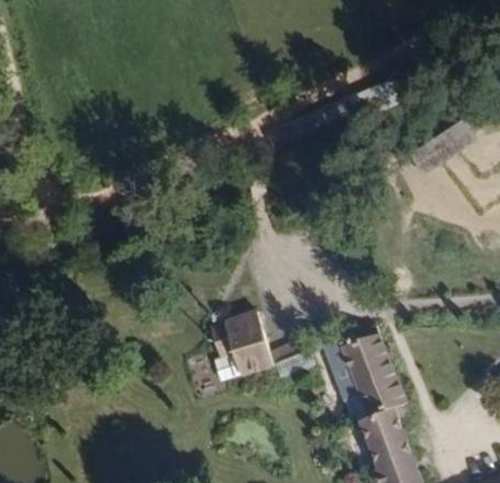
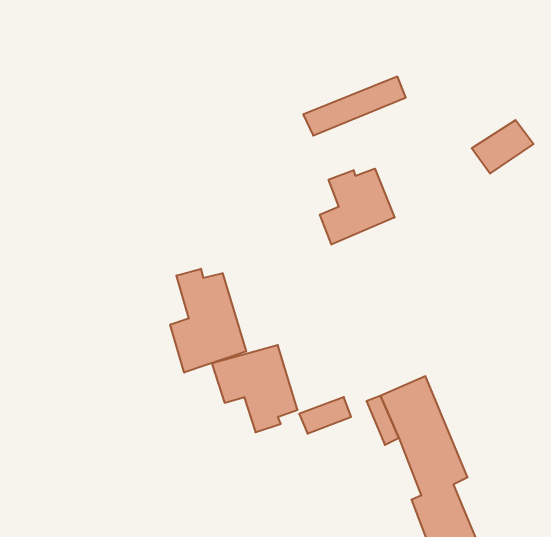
building: none -> [320,169,395,245]
building: none -> [170,269,246,373]

